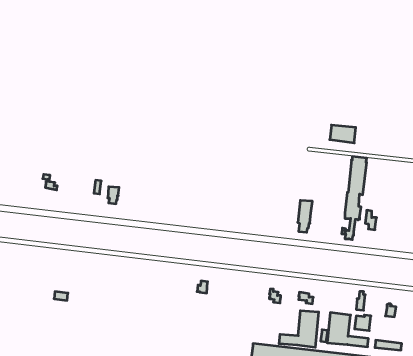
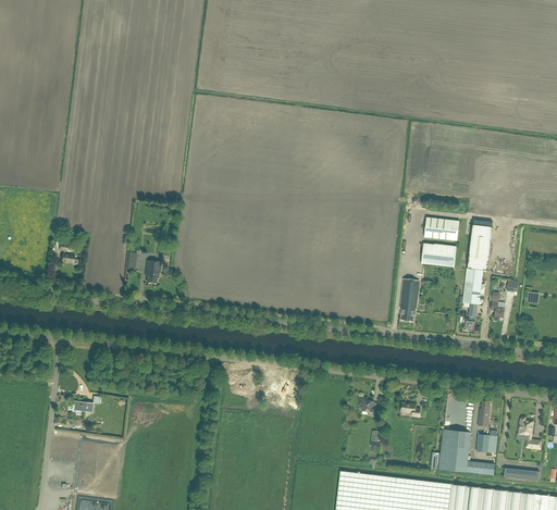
building: [330,125,356,143] -> [423,217,458,241]
building: none -> [421,244,456,268]
building: [279,311,319,347] -> none

